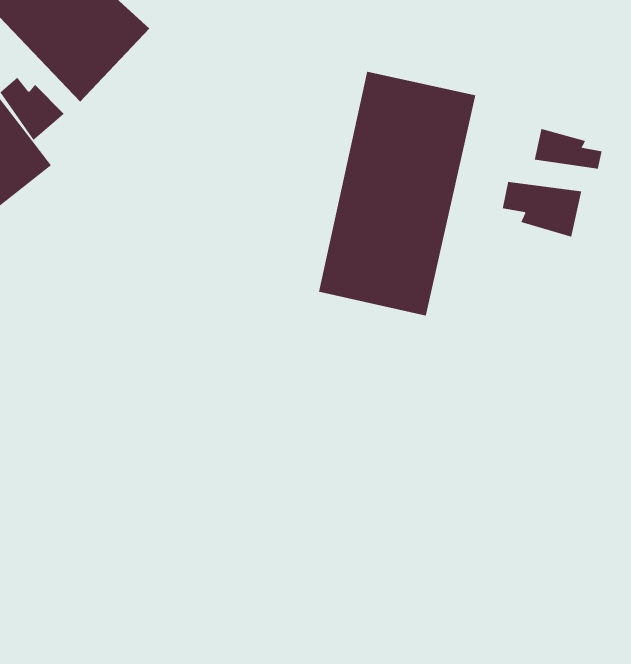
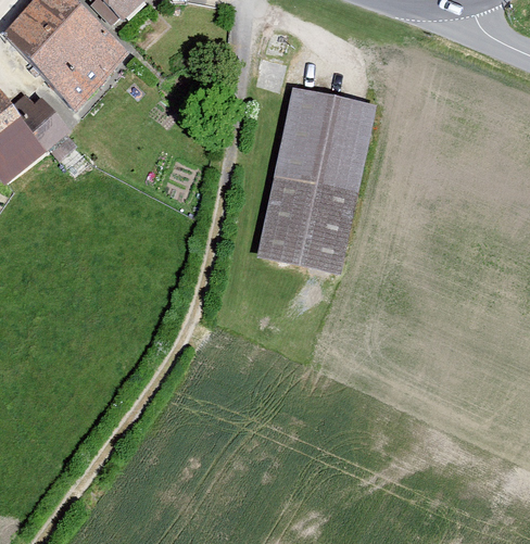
building: [534,128,602,170] -> none
building: [502,181,582,237] -> none

